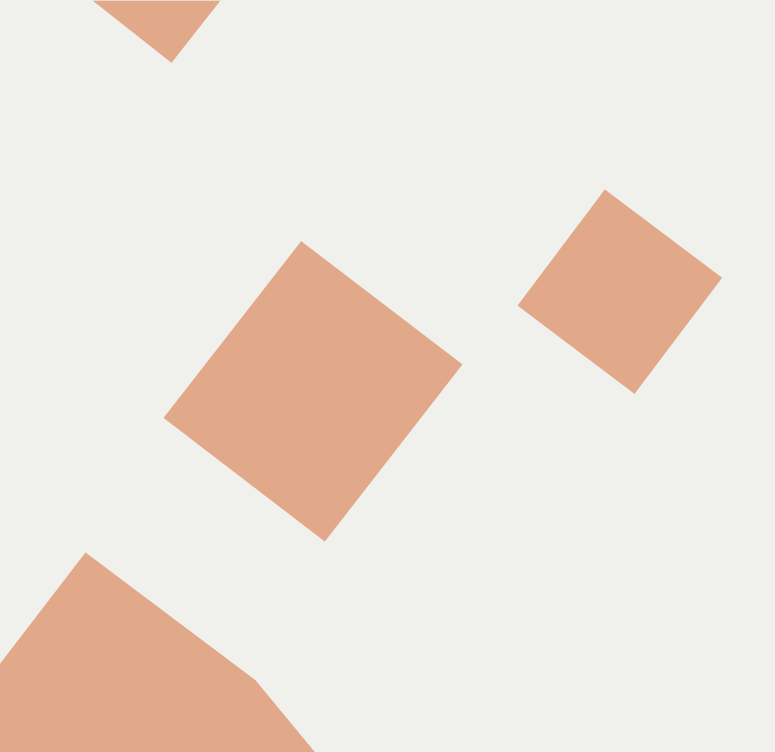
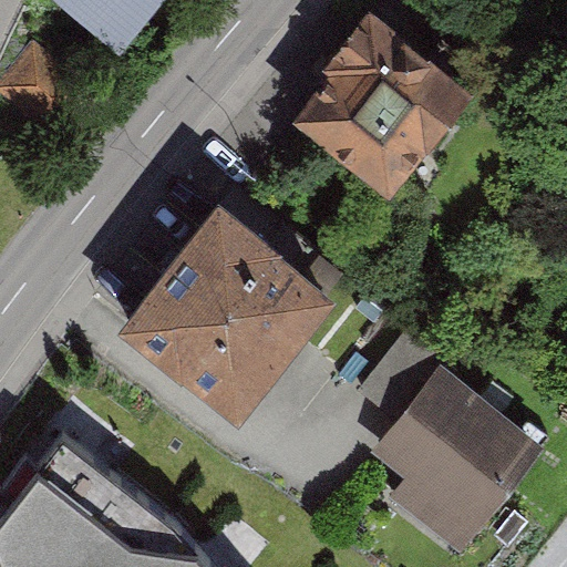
building: [516,188,723,395] -> [302,47,453,197]
building: none -> [372,370,544,561]

